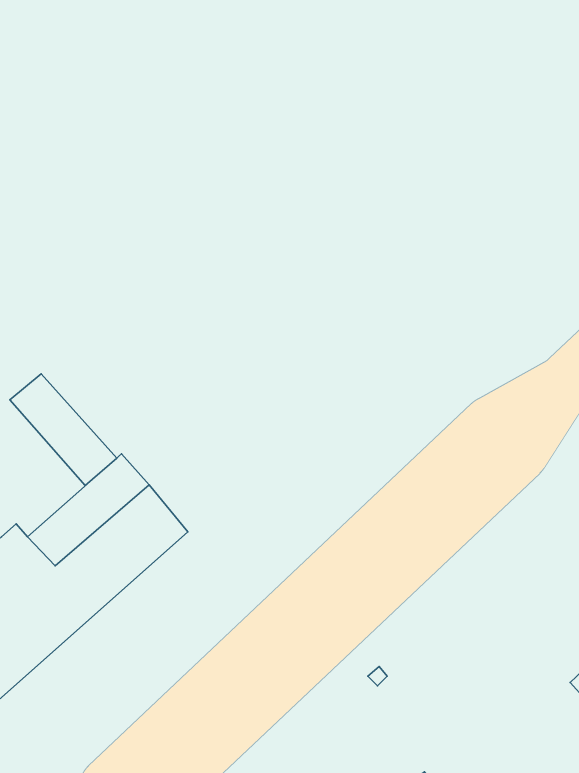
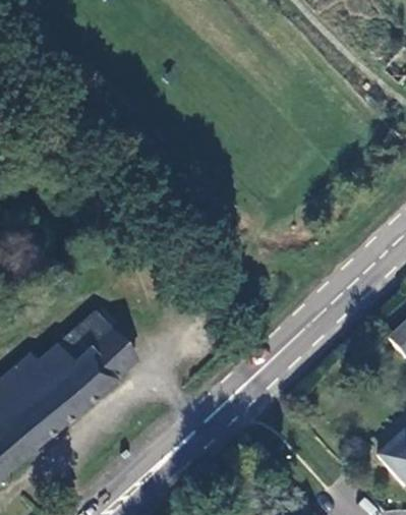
building: [10,374,117,486] -> none

